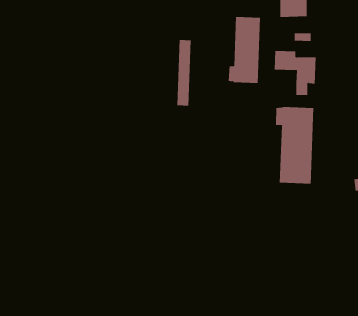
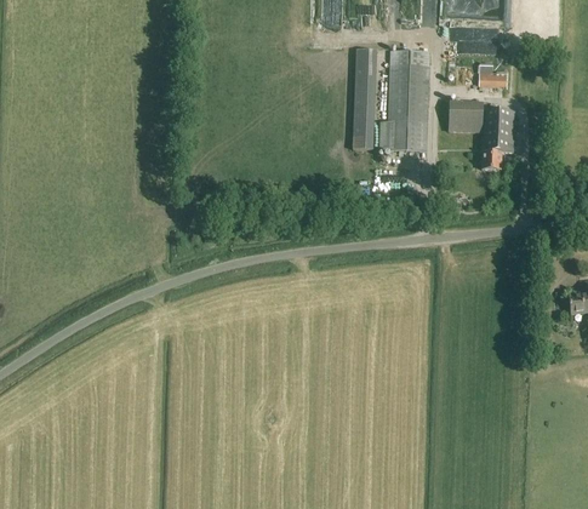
building: [176,39,192,106] -> [354,48,377,149]
building: [276,106,314,185] -> none

